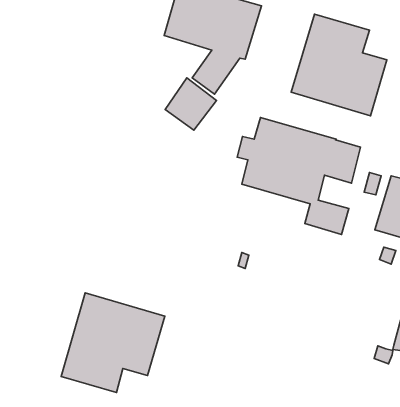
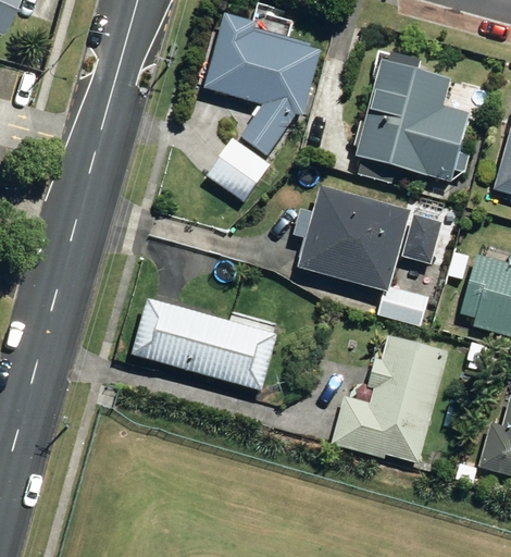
building: none -> [132,296,277,391]
building: none -> [331,335,447,462]
building: [61,293,165,393] -> none

